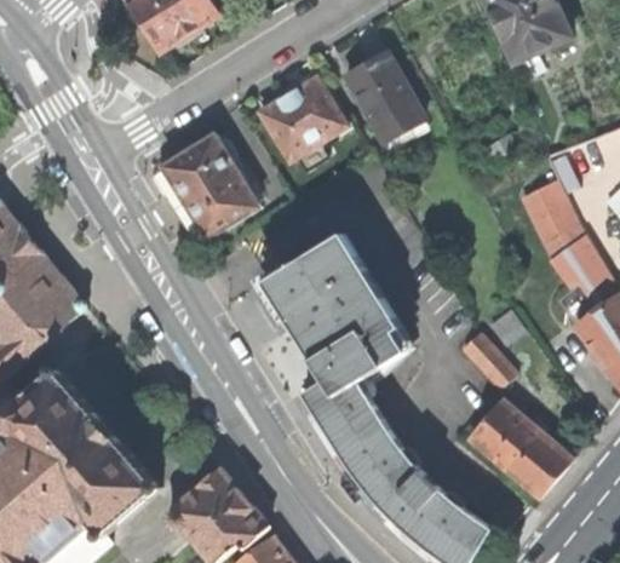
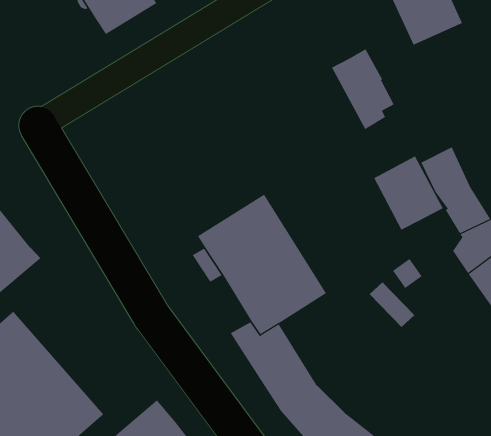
building: [344,50,417,143] -> [331,49,394,130]
building: [257,75,344,160] -> none
building: [155,132,258,241] -> none
building: none -> [374,155,444,230]
building: [467,398,572,496] -> none

